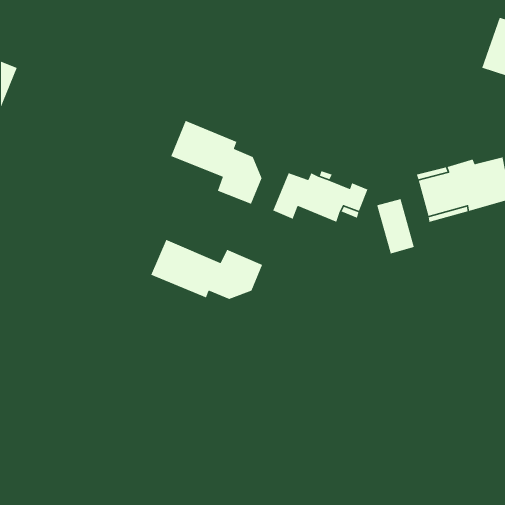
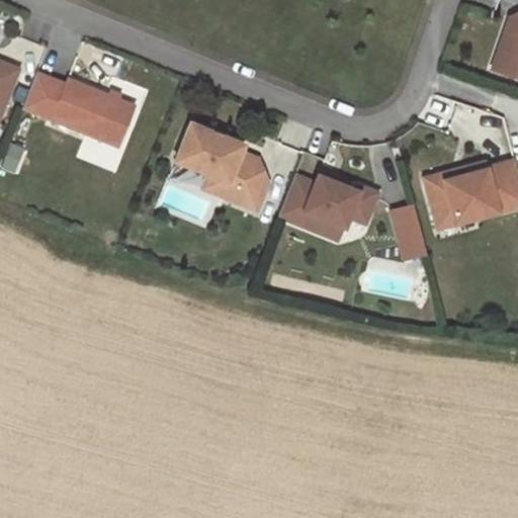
building: none -> [23,74,135,147]
building: [150,239,263,300] -> none

